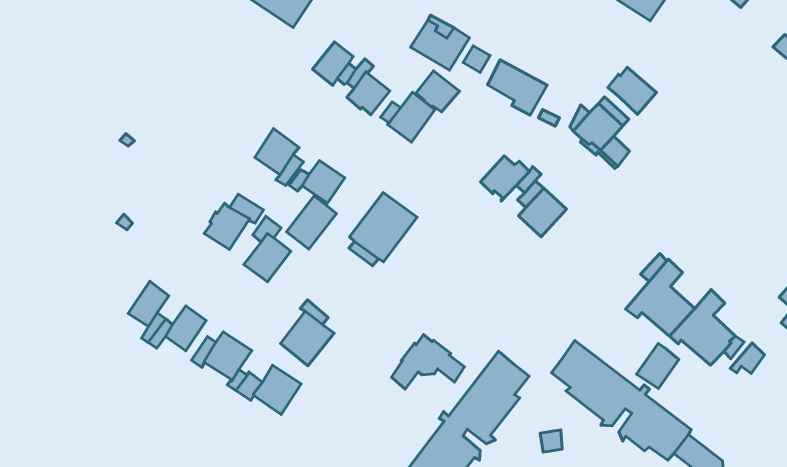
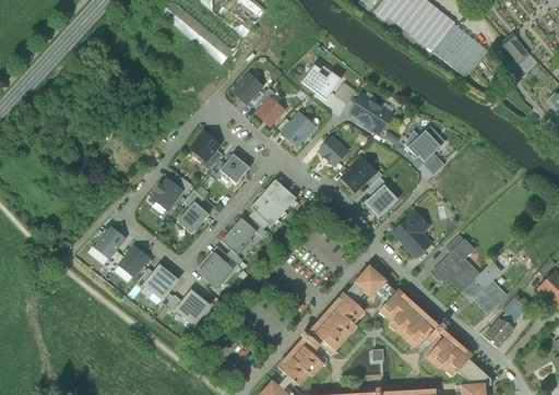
building: [608,67,657,114] -> none
building: [416,71,459,112] -> [318,136,347,165]
building: [286,196,337,249] -> [219,220,254,256]
building: none -> [393,212,430,256]
building: [391,335,465,389] -> [345,266,395,302]
building: [636,343,679,389] -> [484,316,513,347]

